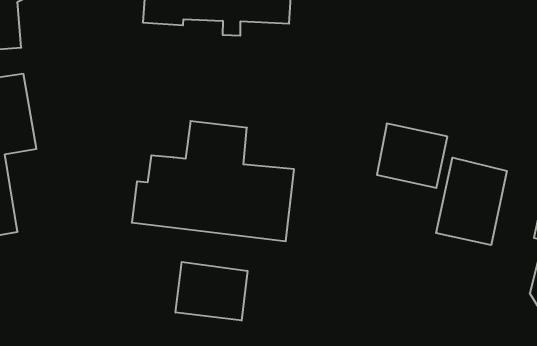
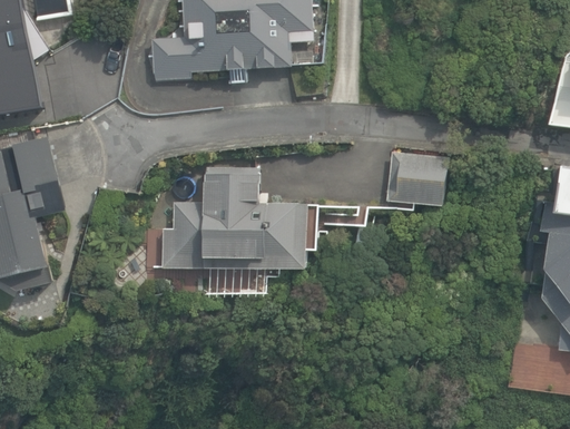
building: [436,158,507,245] -> none
building: [176,262,247,321] -> none

